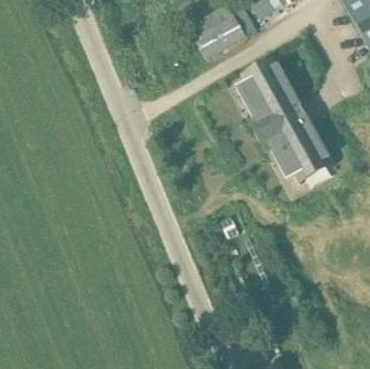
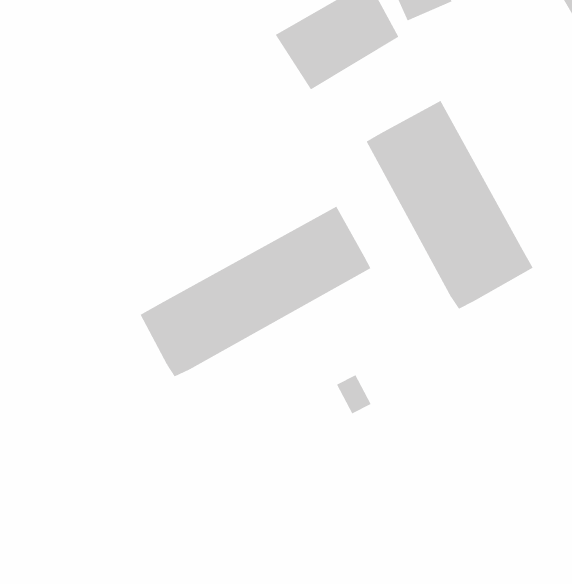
building: none -> [140,206,371,377]

